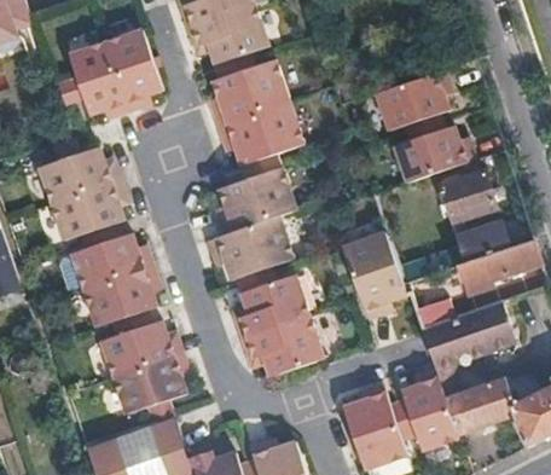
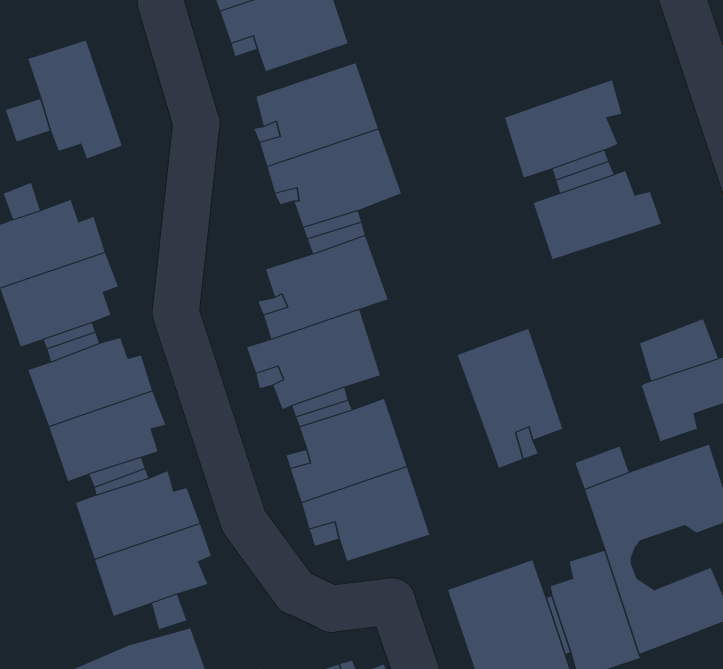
building: [106,31,163,111] -> none
building: [437,169,494,222] -> none

